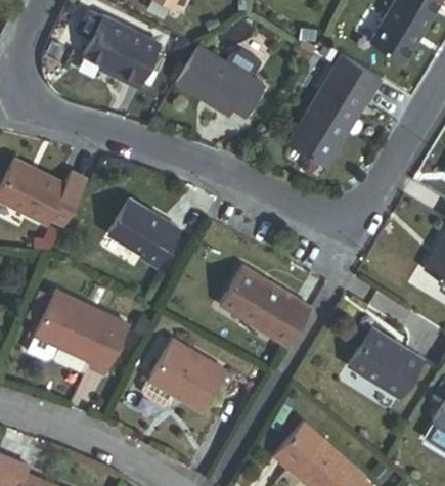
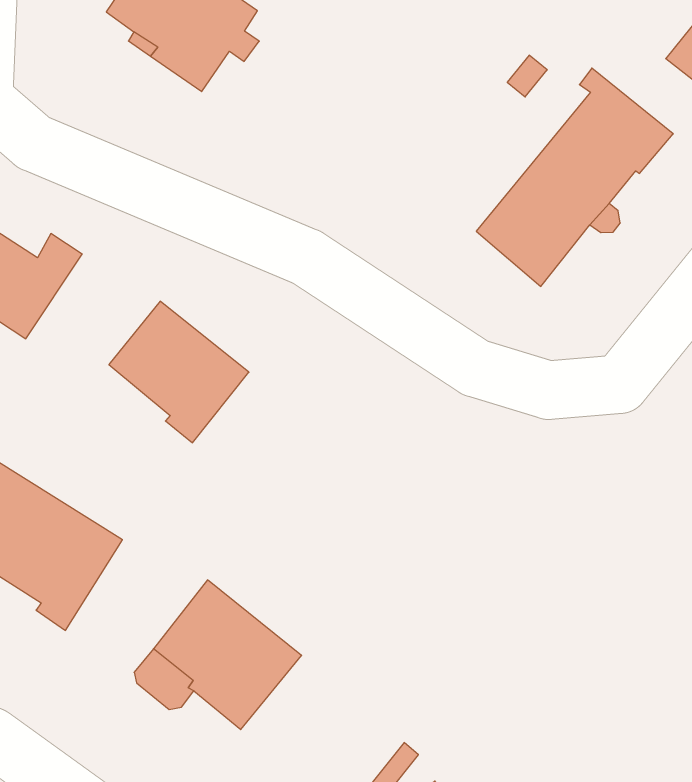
building: [176,46,263,116] -> none
building: [222,266,313,345] -> none
building: [350,330,422,398] -> none

